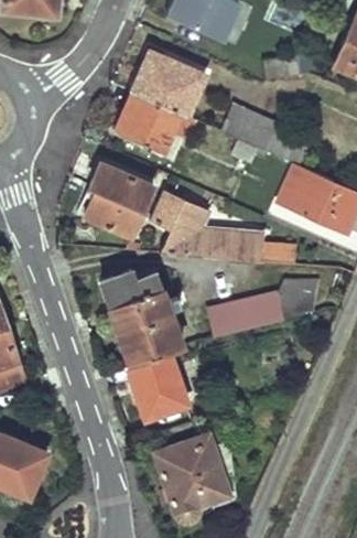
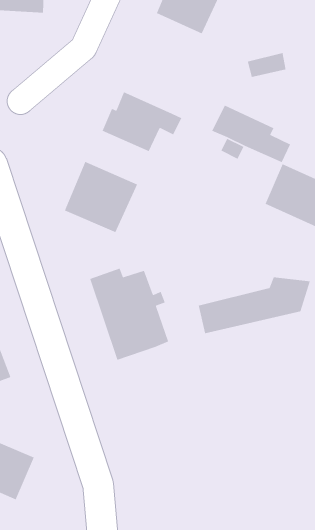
building: [133,51,204,114] -> none
building: [151,190,293,262] -> none
building: [126,346,187,416] -> none
building: [154,431,228,519] -> none

